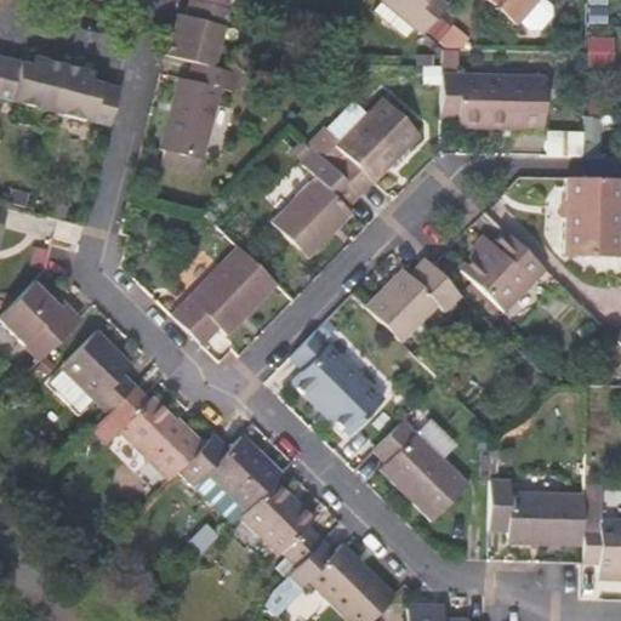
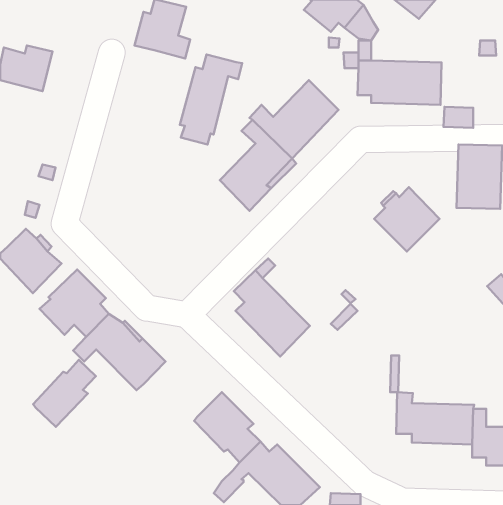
building: [161,62,238,172] -> [180,54,242,144]
building: [56,63,124,126] -> none
building: [172,246,277,343] -> none
building: [365,258,461,341] -> none
building: [374,421,467,520] -> none
building: [180,433,281,524] -> none
building: none -> [33,360,96,427]

